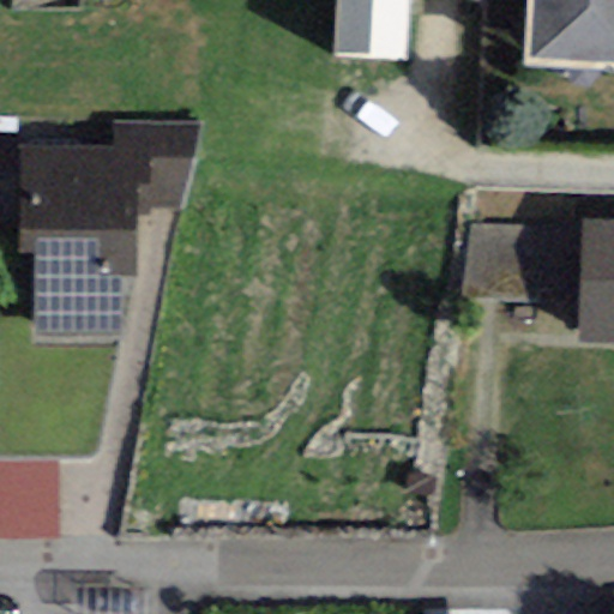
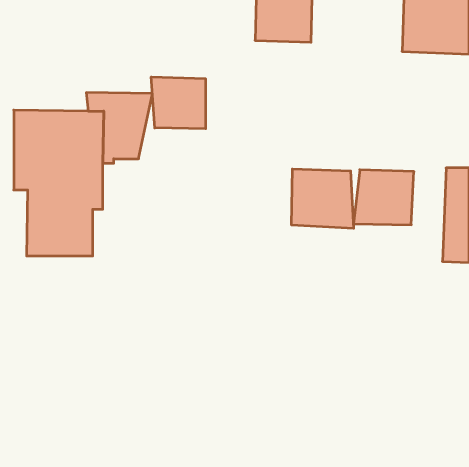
building: none -> [151,77,206,129]
building: none -> [292,169,354,228]

